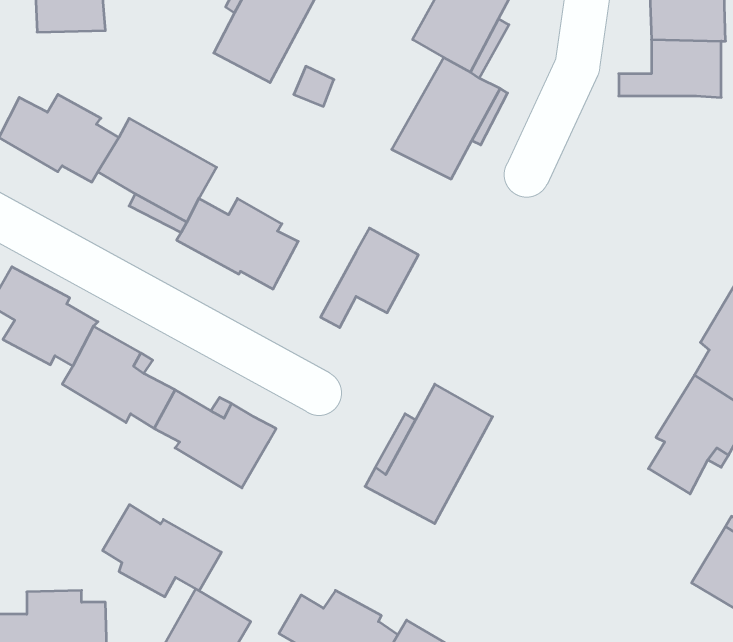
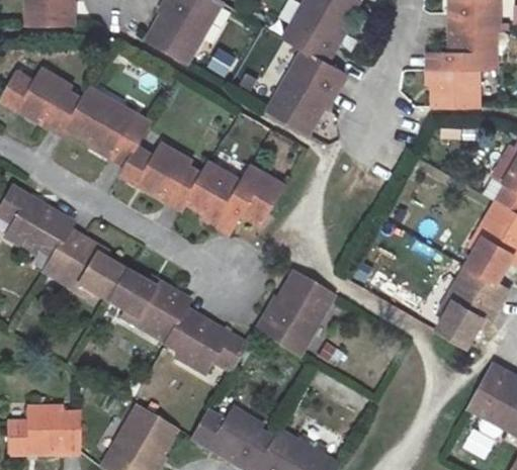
building: none -> [423,71,476,108]
building: none -> [189,159,244,221]
building: [103,505,221,597] -> [166,306,247,369]

